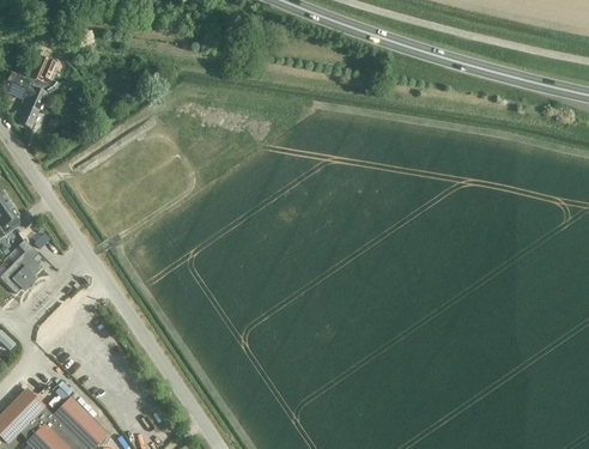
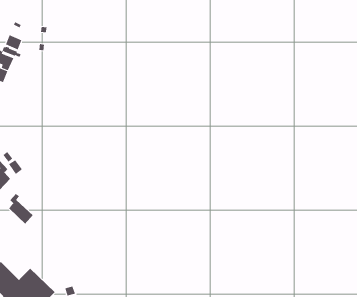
building: none -> [8,193,34,225]

